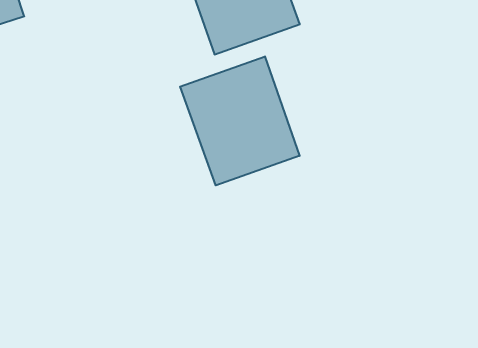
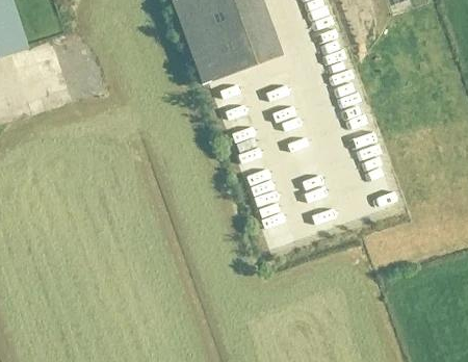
building: [180,56,300,185] -> none

